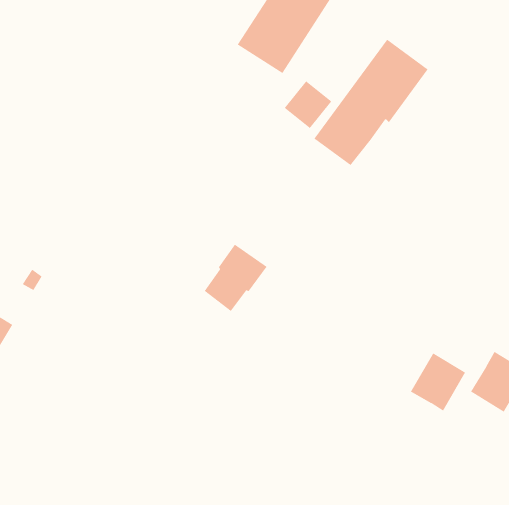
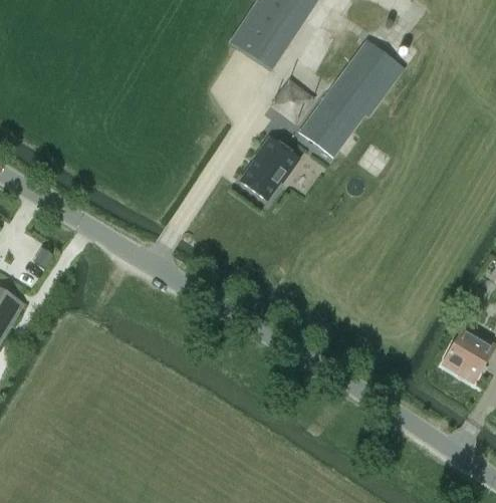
building: [204,244,267,312] -> [241,137,299,199]
building: [410,353,466,411] -> none

